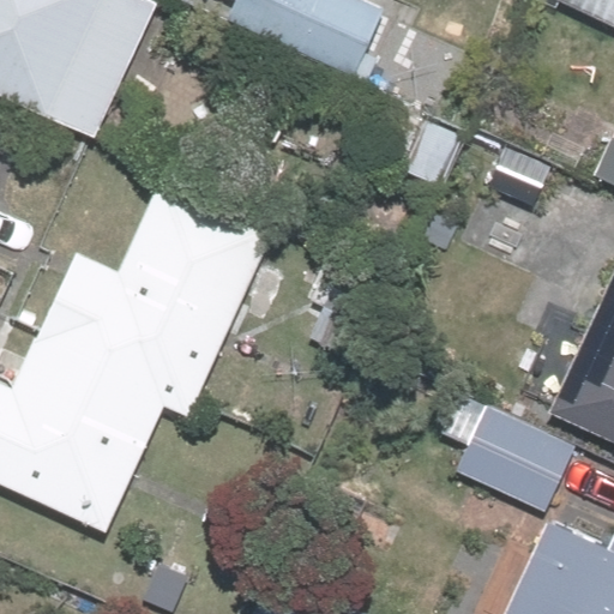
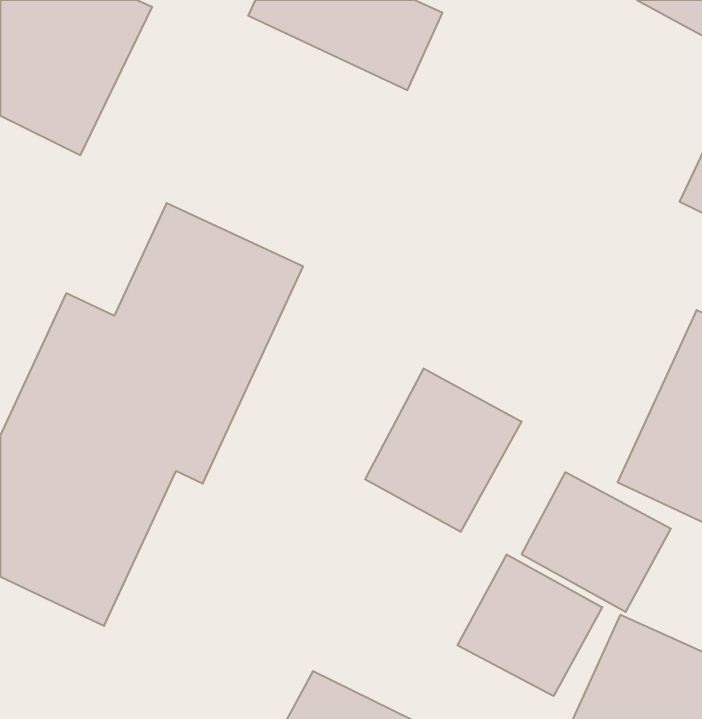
building: none -> [365,368,522,532]
building: none -> [458,554,602,696]

